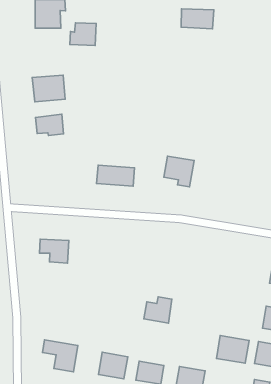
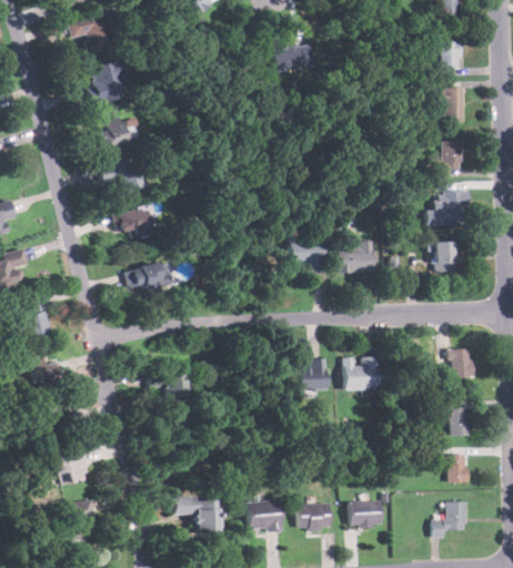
building: [70,23,96,45] -> [94,118,129,150]
building: [97,165,134,186] -> [127,264,175,292]
building: none -> [339,247,375,272]
building: none -> [344,356,381,388]
building: [144,297,172,323] -> [296,357,329,388]
building: [216,336,249,363] -> none

